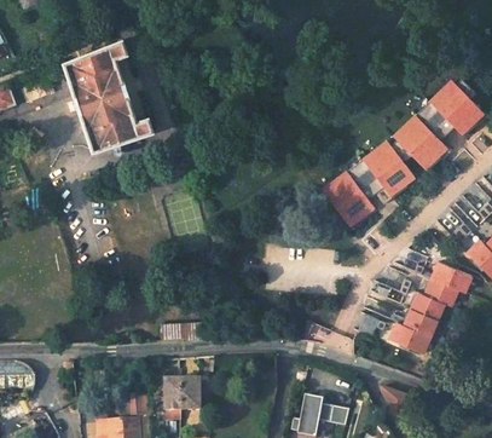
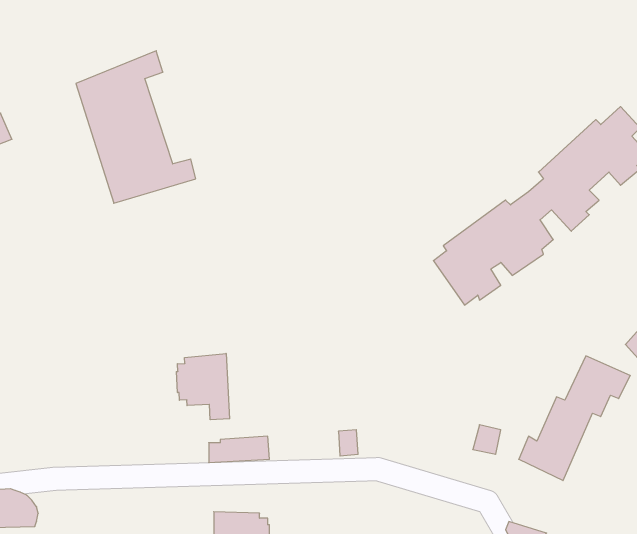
building: none -> [176,353,230,420]

